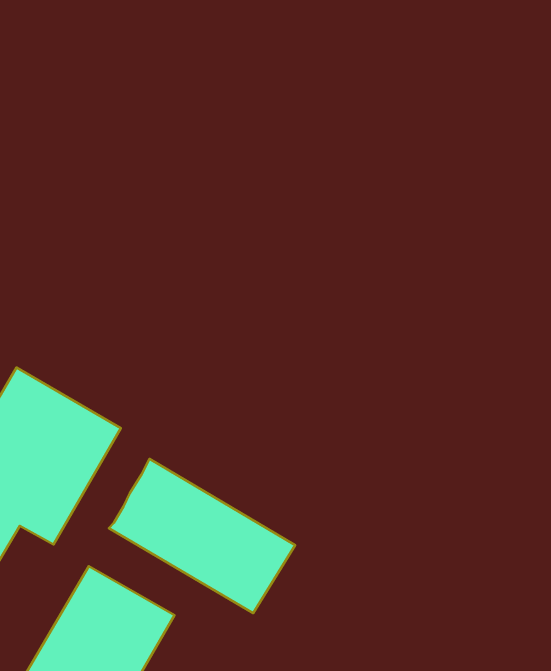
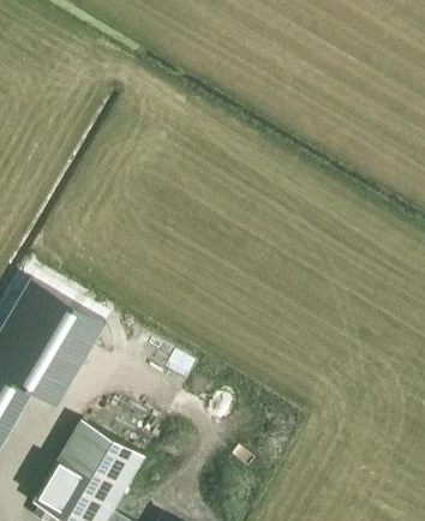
building: [109,459,295,613] -> none

